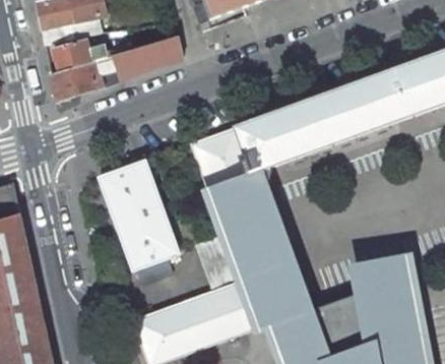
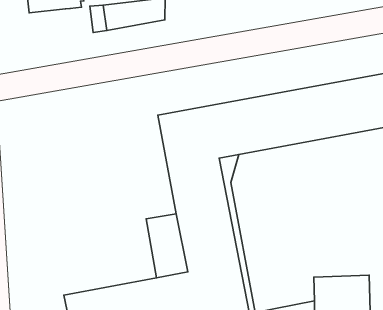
building: [53,60,105,99] -> none
building: [101,160,180,283] -> none

